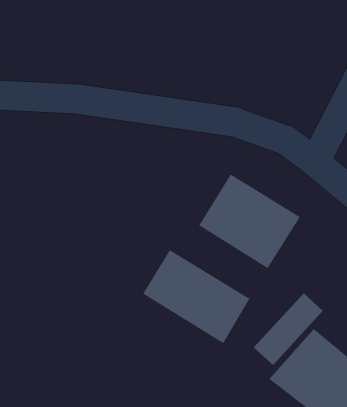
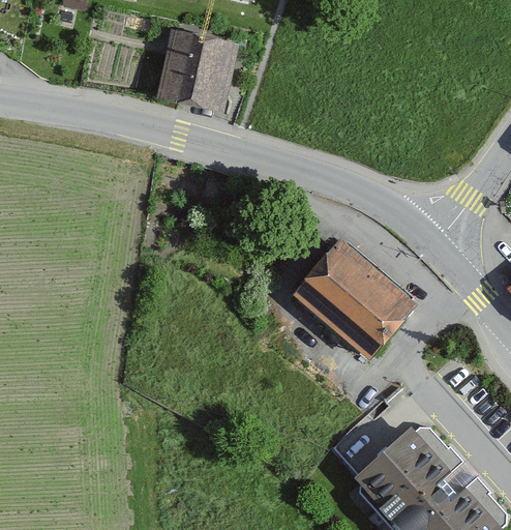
building: none -> [156,30,239,116]
building: [142,249,250,344] -> none

